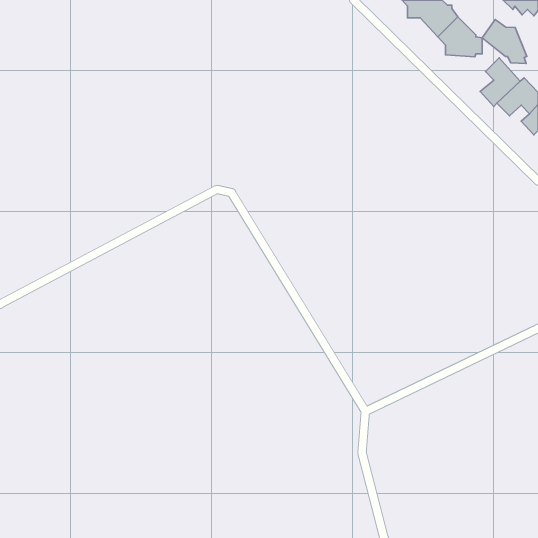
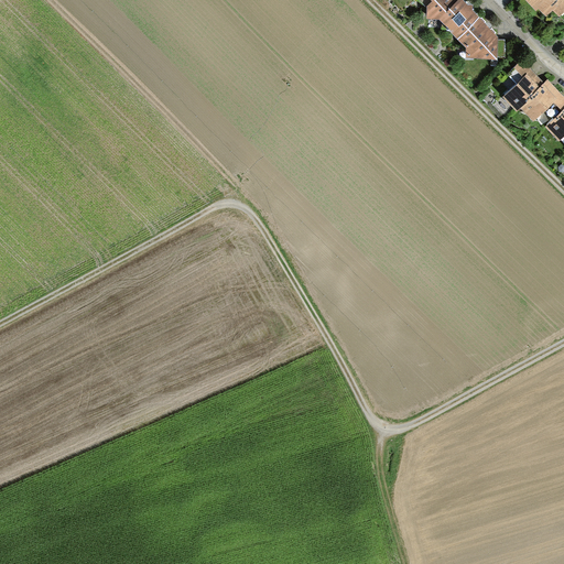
building: [482,19,527,64] -> none

